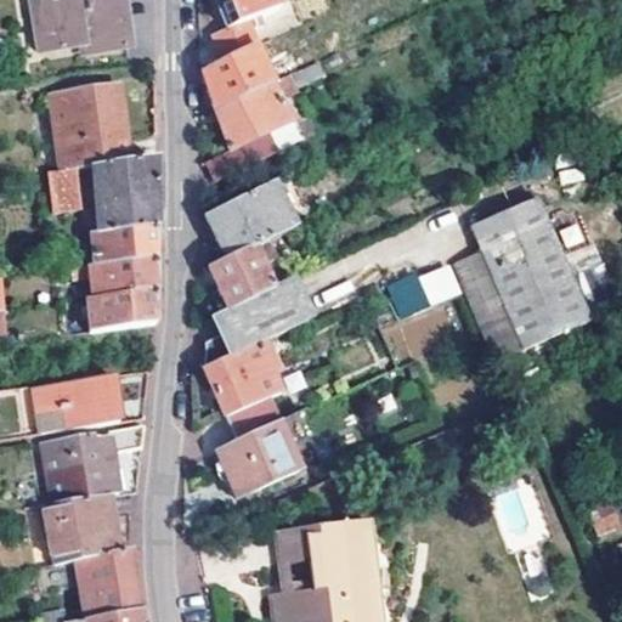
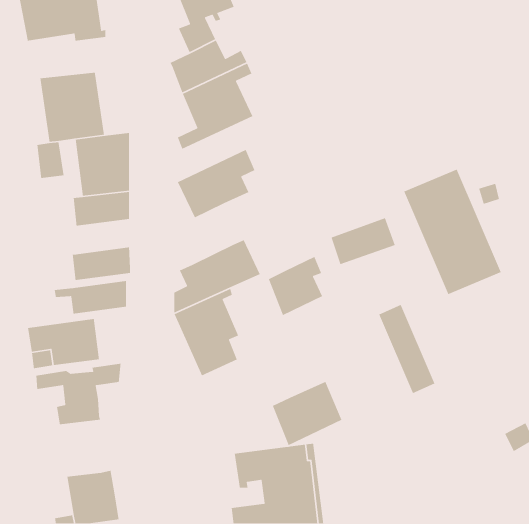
building: [210,238,275,309] -> [268,256,323,316]
building: [459,251,526,357] -> [378,304,435,394]
building: [69,256,154,296] -> [54,280,127,314]
building: [217,420,300,497] -> [272,381,342,446]
building: [45,493,120,559] -> none

